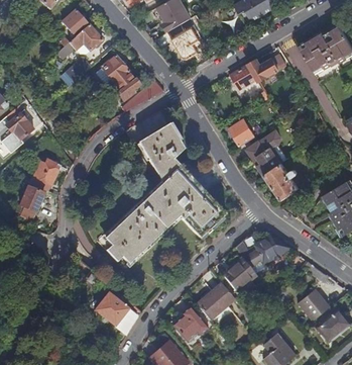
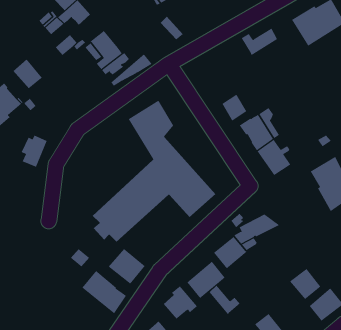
building: [232,63,259,88] -> none
building: none -> [12,59,43,89]
building: [20,185,44,218] -> none
building: none -> [108,248,145,285]
building: none -> [209,285,240,315]

